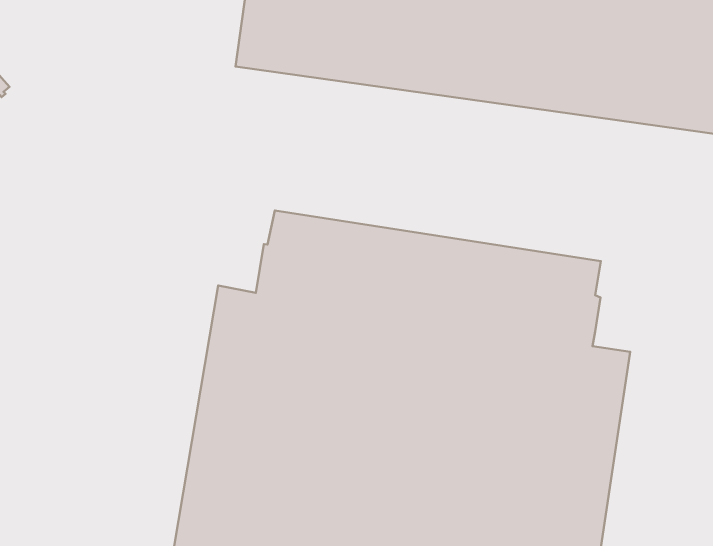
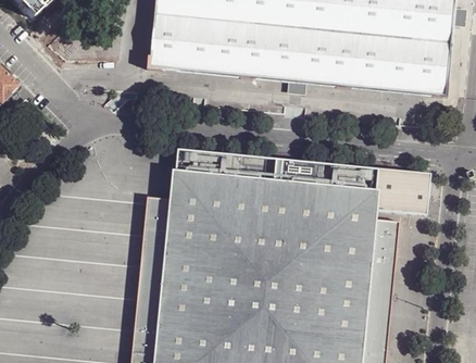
building: none -> [374,170,427,216]

